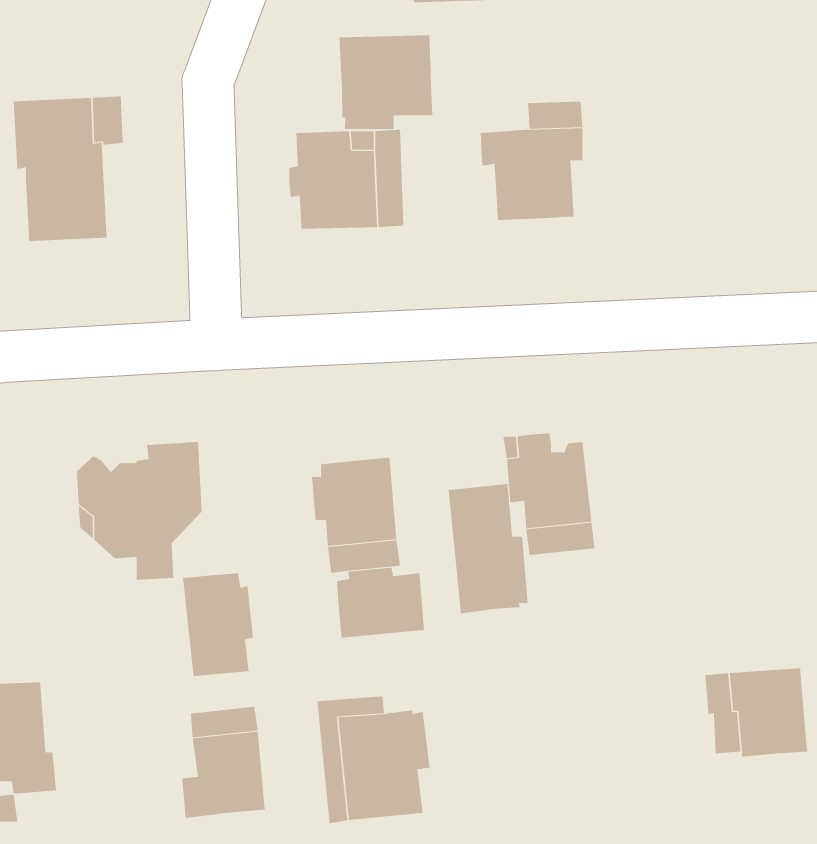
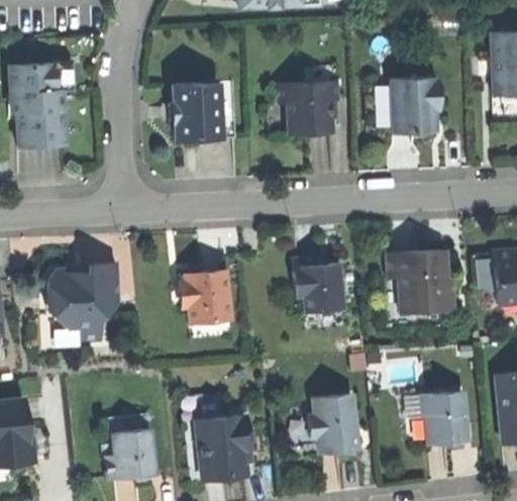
building: [339,35,433,130] -> none
building: none -> [390,78,438,133]
building: none -> [386,249,453,311]
building: [448,483,528,614] -> none
building: [337,567,425,638] -> none
building: [182,572,254,677] -> none
building: none -> [307,394,357,453]

